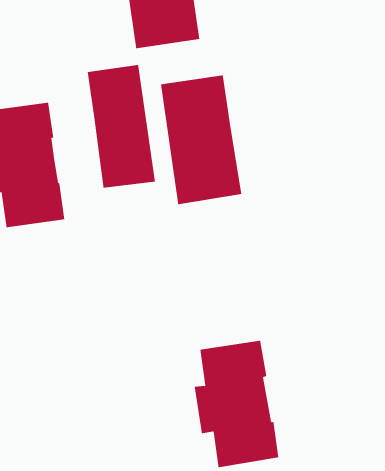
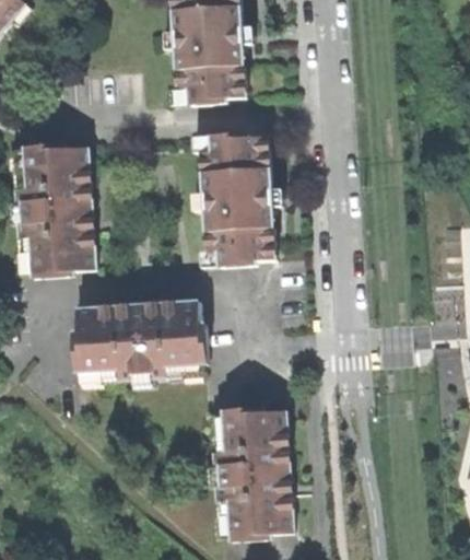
building: [87,64,155,188] -> none
building: none -> [78,301,204,388]

